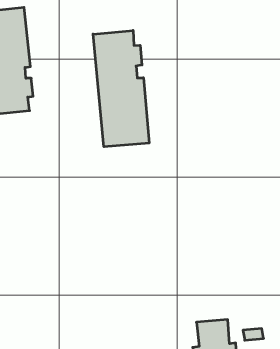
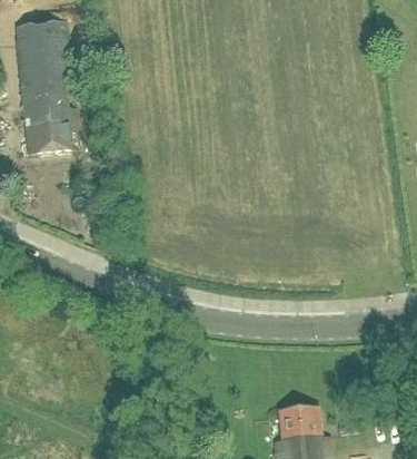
building: [93,30,149,147] -> none

